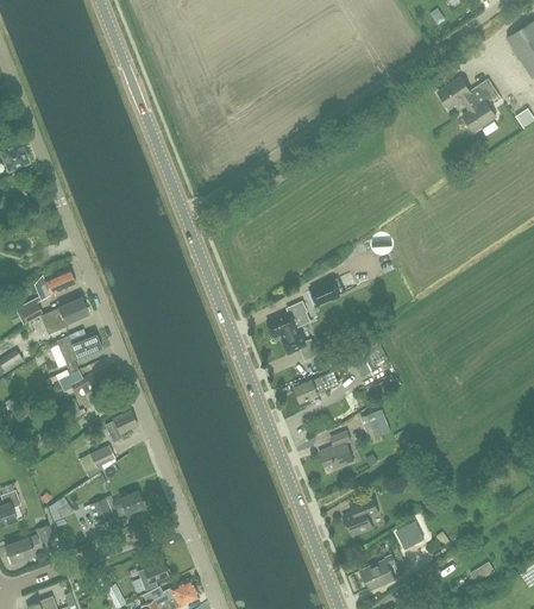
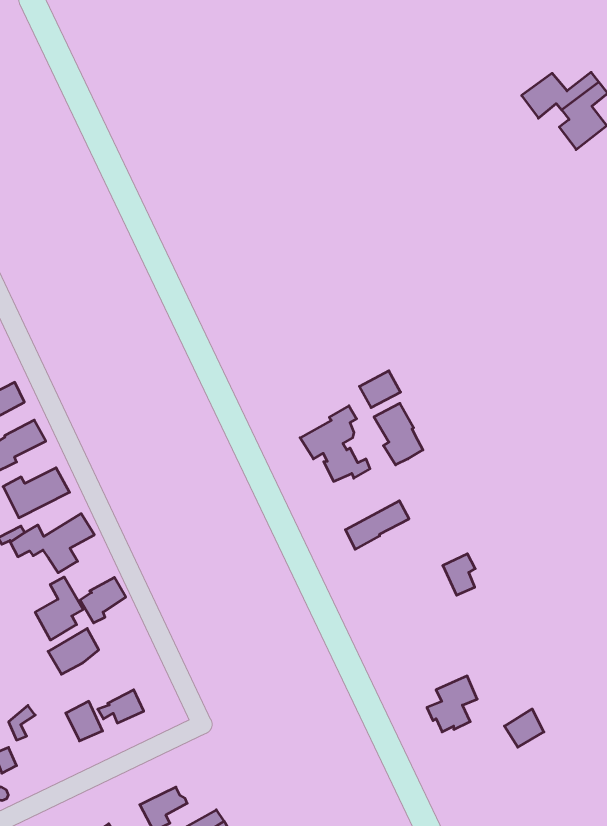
building: none -> [374,403,423,465]
building: none -> [35,577,83,640]
building: [319,431,353,469] -> none
building: [362,554,396,589] -> none

